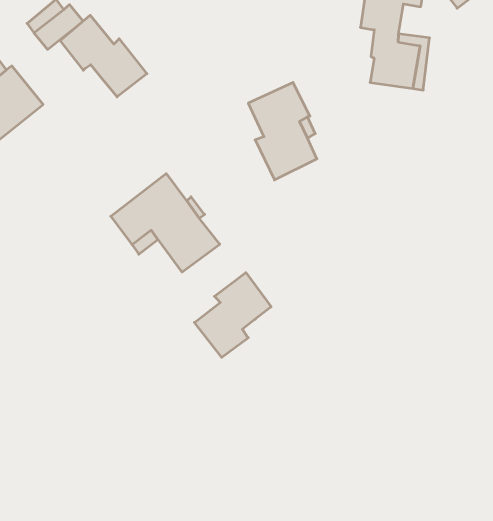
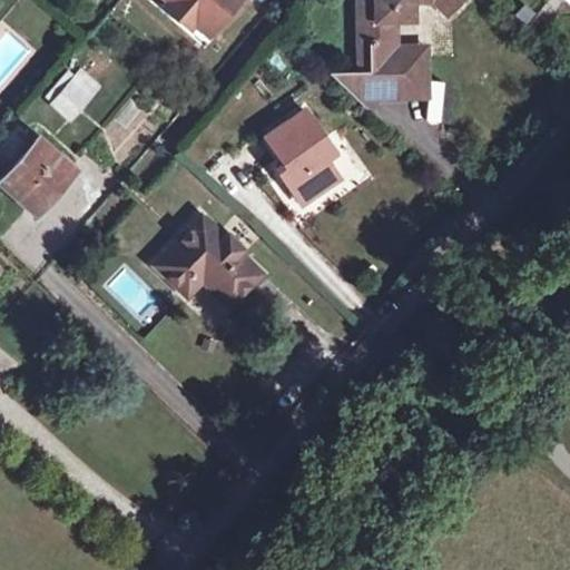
building: [60,15,147,97] -> none
building: none -> [333,48,379,111]
building: [194,273,271,357] -> none

